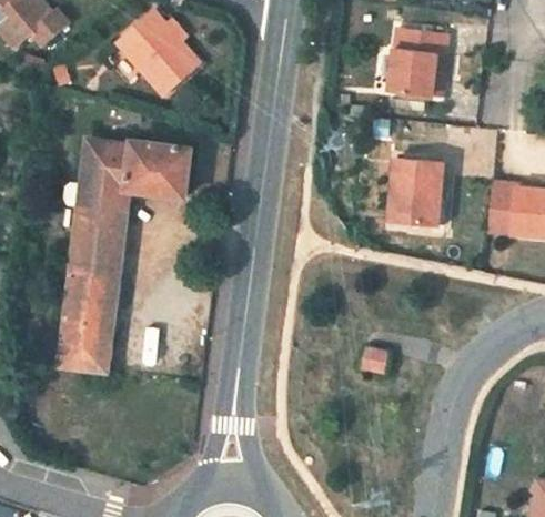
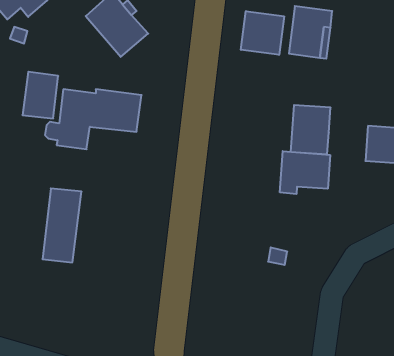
building: none -> [241,11,284,55]
building: [71,213,119,275] -> [22,72,58,118]
building: none -> [280,151,330,194]

